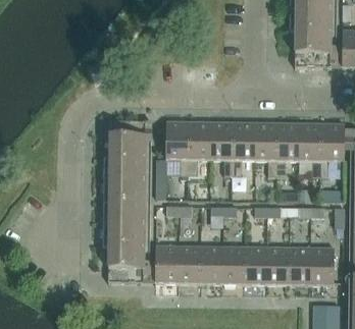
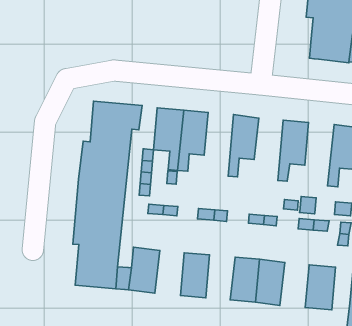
building: [211,122,234,176] -> none
building: [255,123,277,176] -> none
building: [300,123,322,177] -> none
building: [179,246,201,284] -> none
building: [223,246,246,284] -> none
building: [289,248,311,285] -> none

